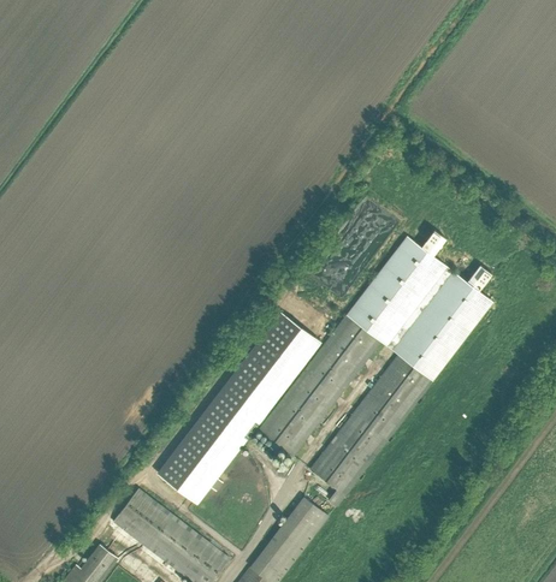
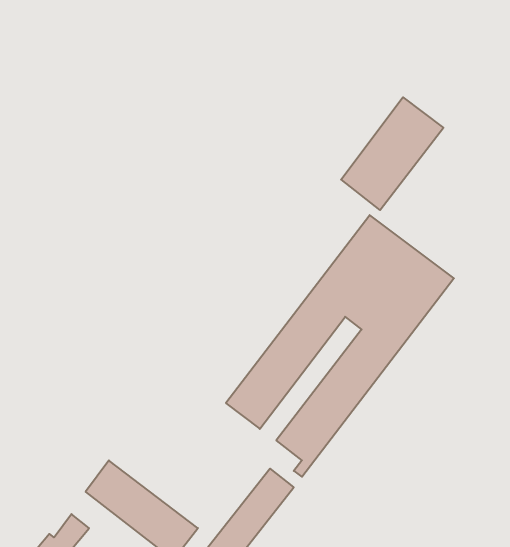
building: none -> [341,97,443,210]
building: [152,308,318,501] -> none

